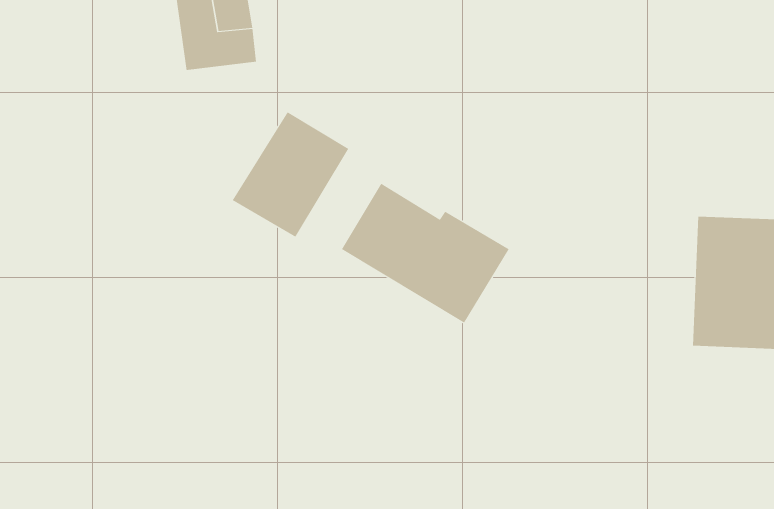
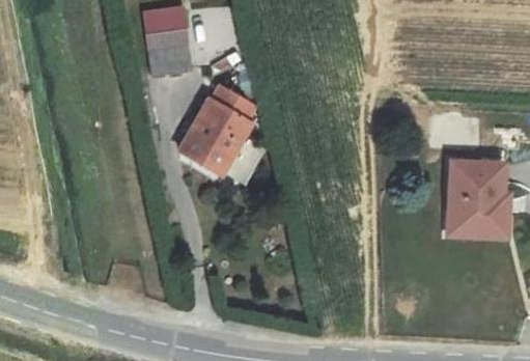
building: [341,183,510,323] -> none

